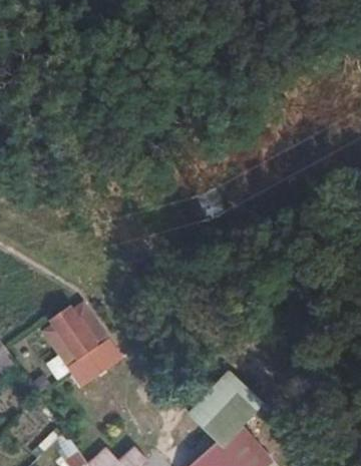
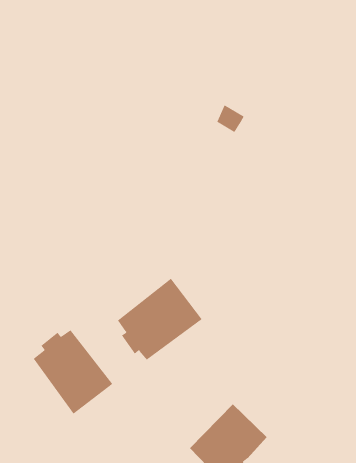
building: none -> [117,278,202,360]

